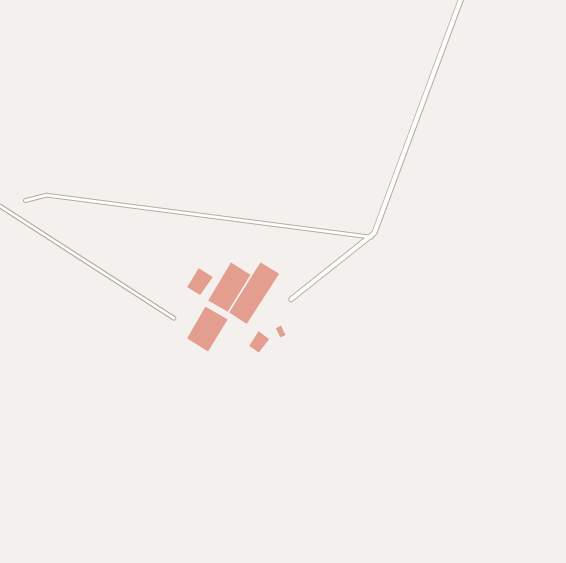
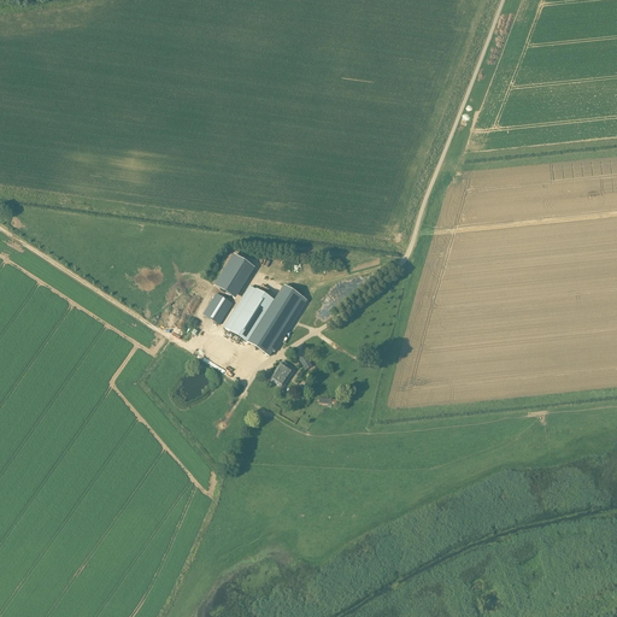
building: none -> [215,253,254,296]
building: [186,306,228,353] -> none

